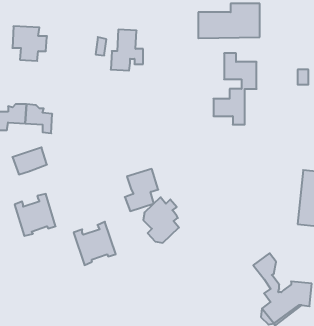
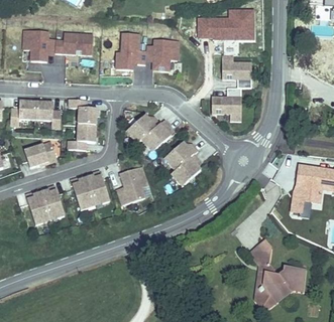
building: none -> [54,31,93,54]
building: none -> [145,39,178,70]
building: none -> [67,99,96,149]
building: none -> [129,115,171,149]
building: [143,197,179,243] -> [166,142,200,184]
building: [74,222,116,265] -> [70,170,109,210]

